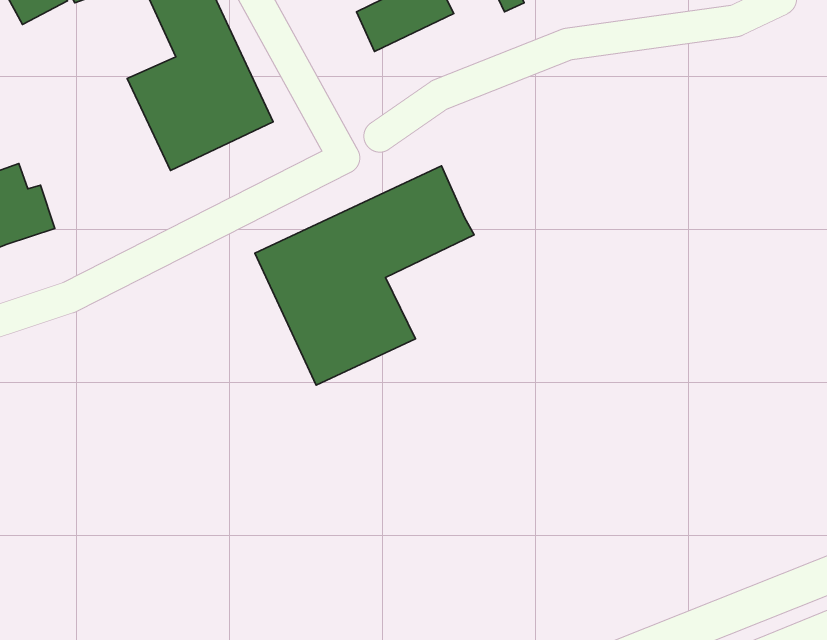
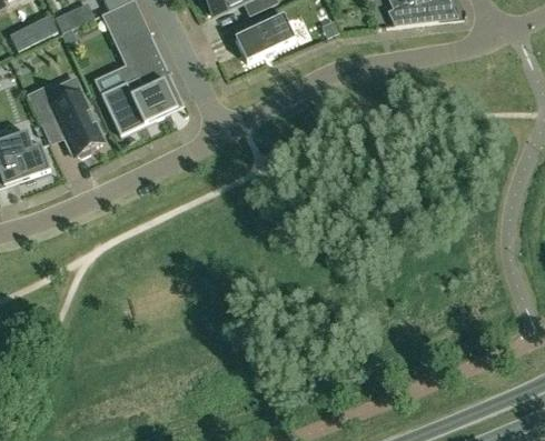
building: none -> [27,83,102,154]
building: [255,166,474,385] -> none

